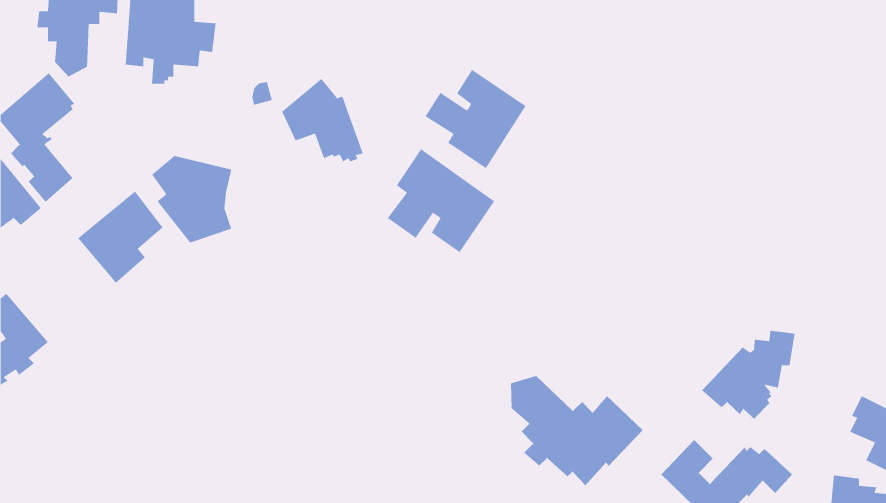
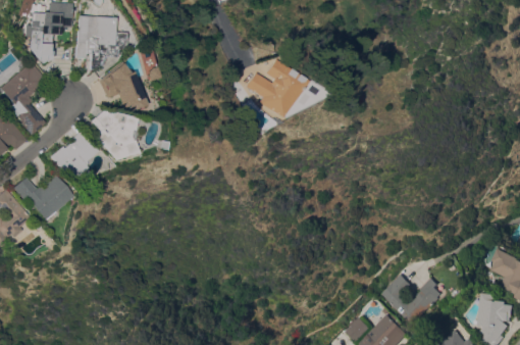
building: [281,78,364,163] -> [97,61,145,110]
building: [387,148,495,253] -> none
building: none -> [11,175,71,219]
building: [701,330,795,419] -> none
building: [510,375,643,486] -> none

